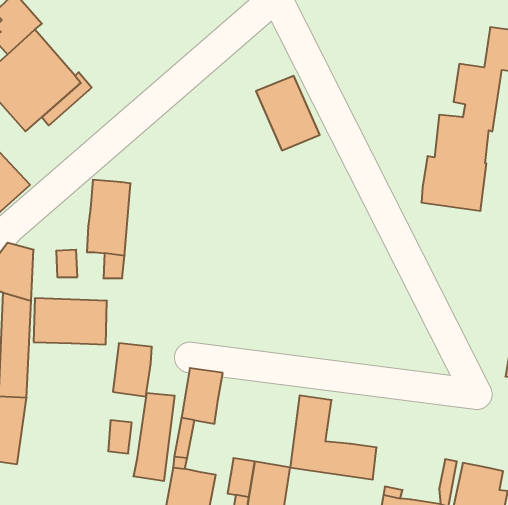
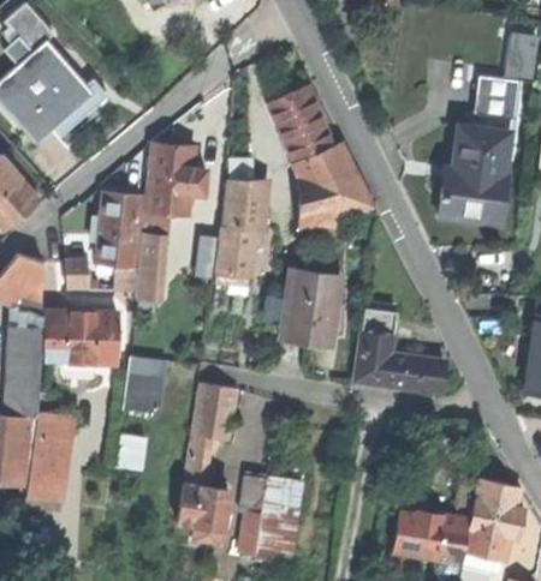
building: none -> [135,143,207,304]
building: none -> [296,143,373,226]
building: none -> [216,180,255,275]
building: none -> [280,269,341,347]
building: [133,393,175,481] -> [23,413,65,502]
building: [290,395,377,479] -> [356,307,444,393]

